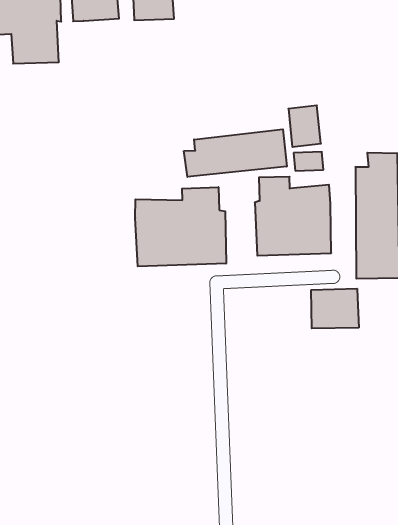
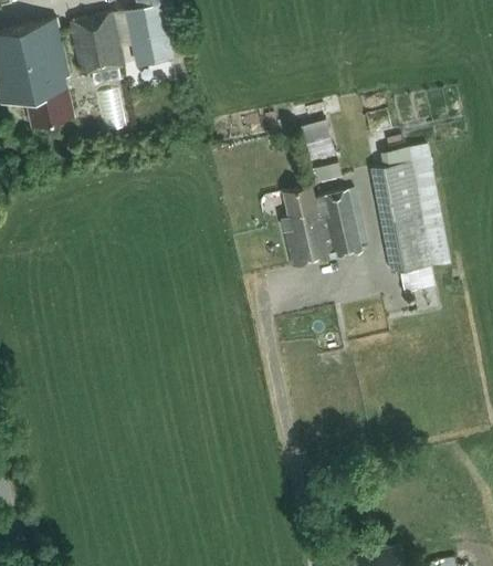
building: [184,129,287,177] -> none
building: [135,187,226,266] -> none
building: [311,289,359,328] -> none

